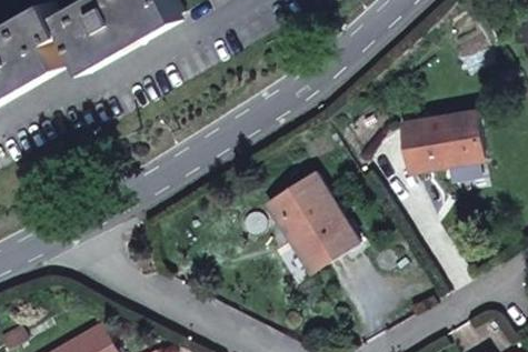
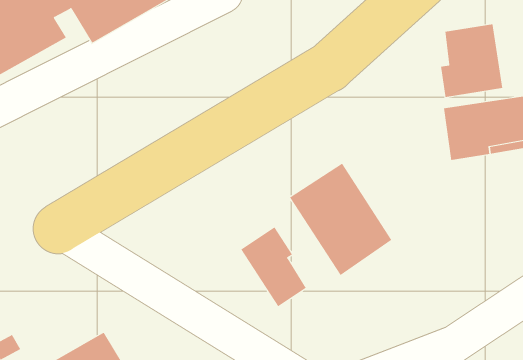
building: none -> [440,23,503,98]
building: none -> [241,227,307,307]

